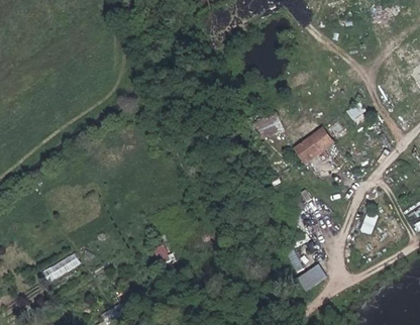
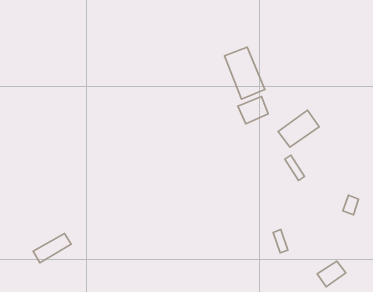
building: none -> [224,47,265,99]
building: [298,264,327,291] -> [317,261,346,287]

